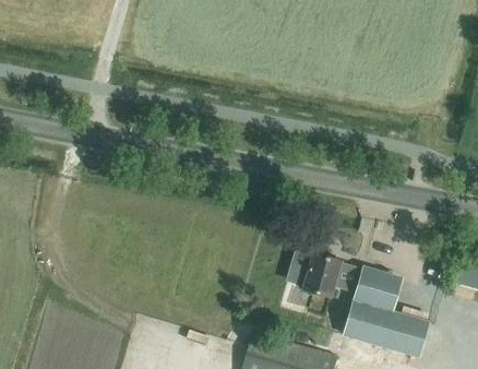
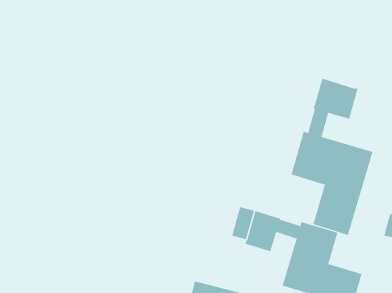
building: none -> [291,78,373,236]

